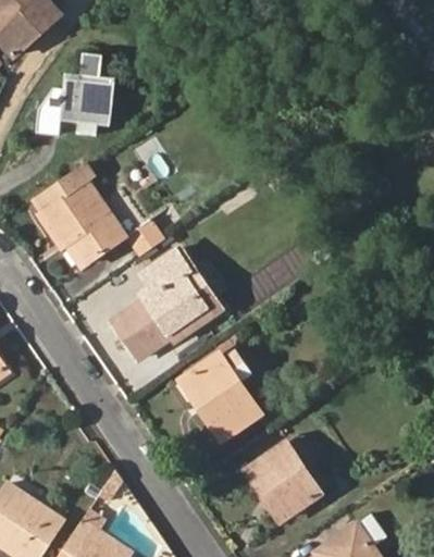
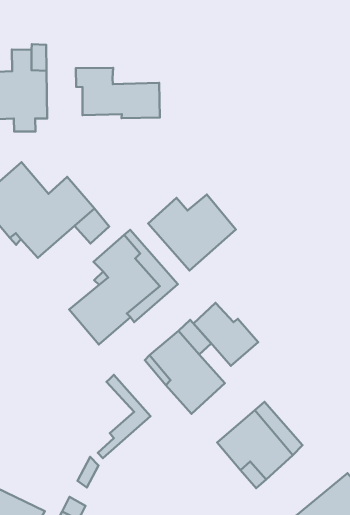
building: none -> [76,68,160,118]
building: none -> [148,194,236,270]
building: none -> [193,303,258,366]
building: none -> [98,375,150,458]

